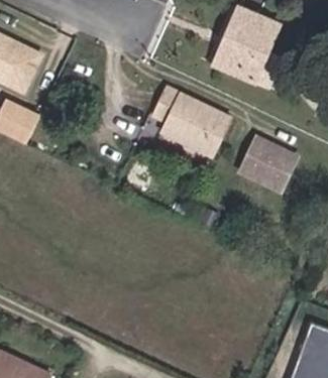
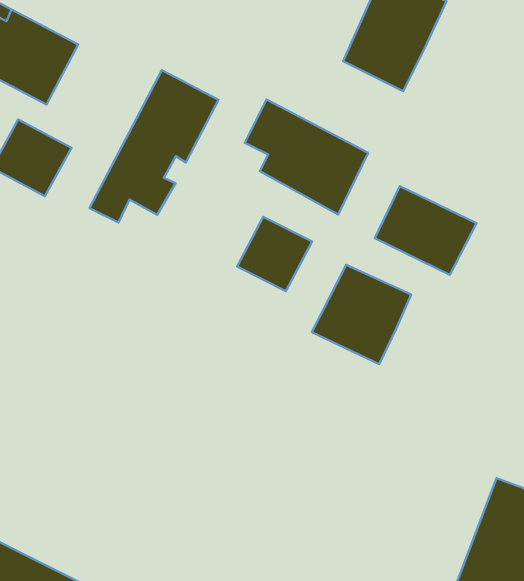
building: none -> [90,70,219,222]
building: none -> [237,217,312,291]
building: none -> [312,265,411,364]

